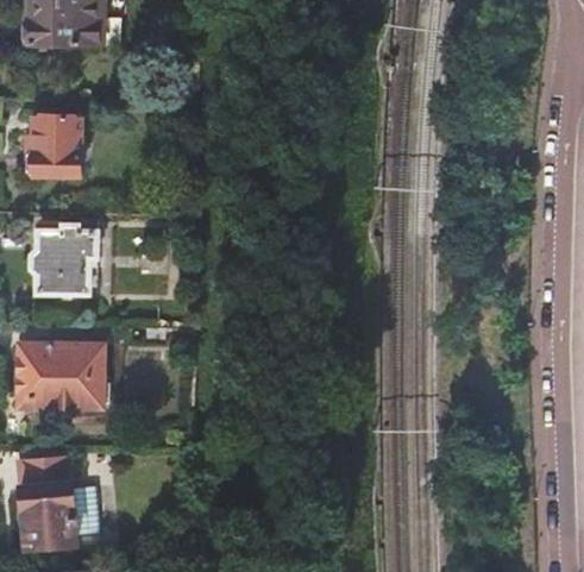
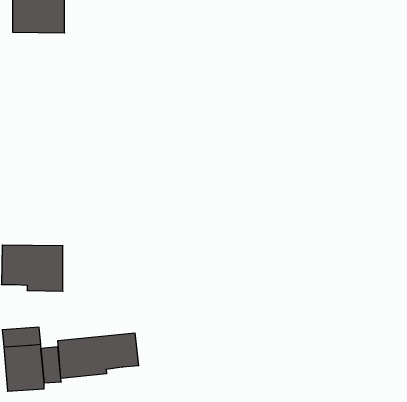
building: [29,114,83,175] -> none
building: [33,224,94,293] -> none
building: none -> [58,333,139,379]

